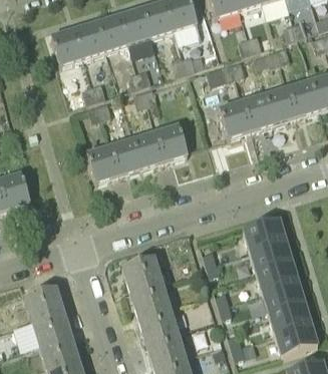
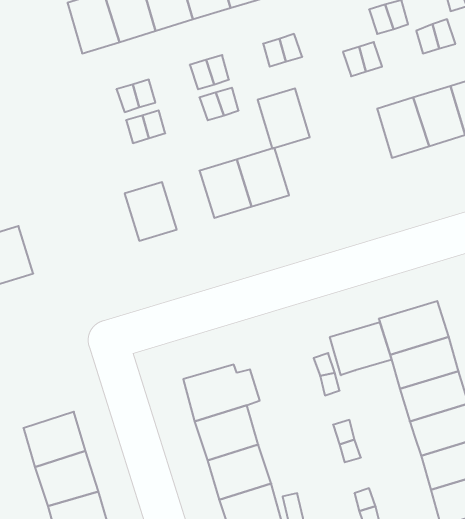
building: [219,99,251,136] -> [258,88,310,149]
building: [109,137,141,173] -> none
building: none -> [330,322,392,375]

